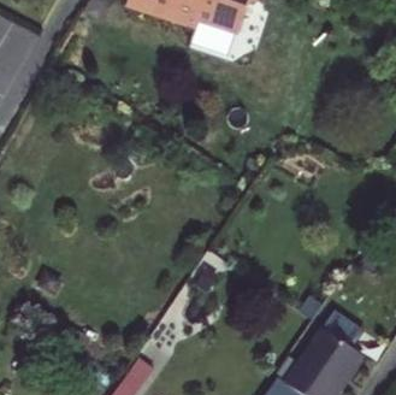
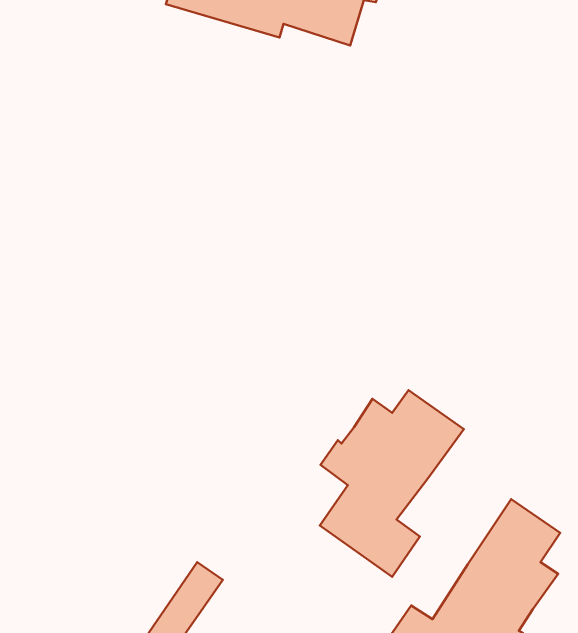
building: none -> [320,390,464,577]

